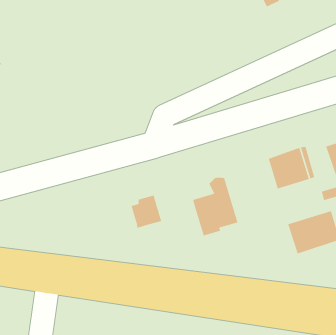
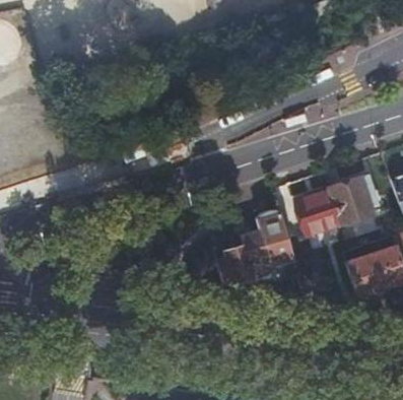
building: none -> [297,193,336,237]
building: [131,195,162,229] -> [217,249,253,287]

